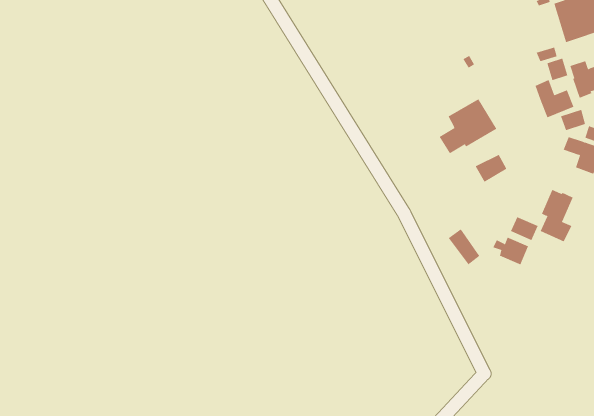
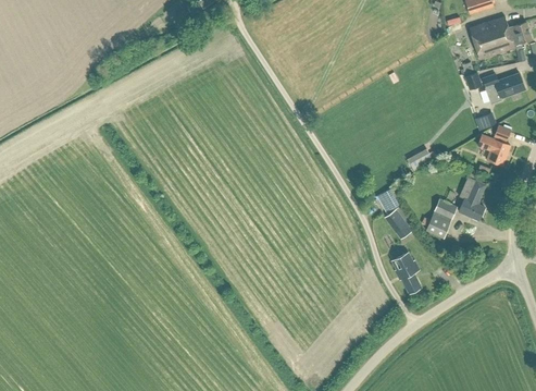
building: [535,79,574,118] -> none
building: [439,99,497,154] -> none
building: none -> [392,252,420,293]

